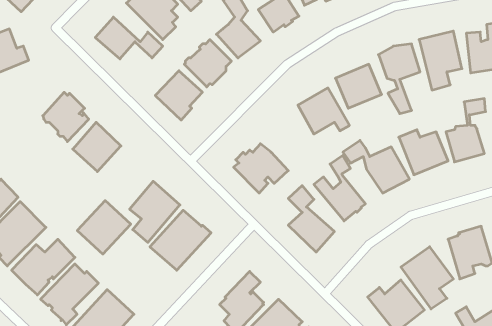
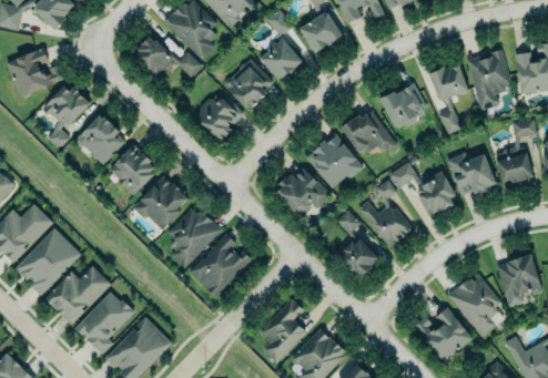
building: none -> [43,85,91,150]
building: none -> [306,134,363,191]
building: [77,201,131,254] -> [134,176,190,232]

